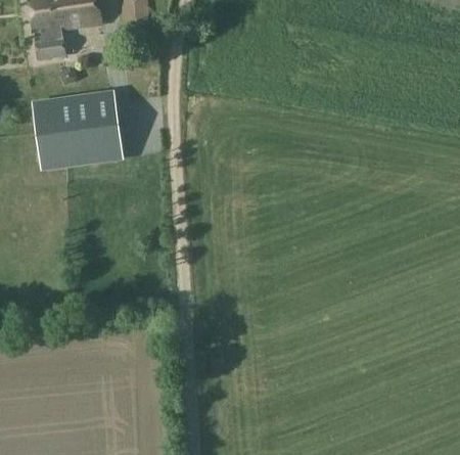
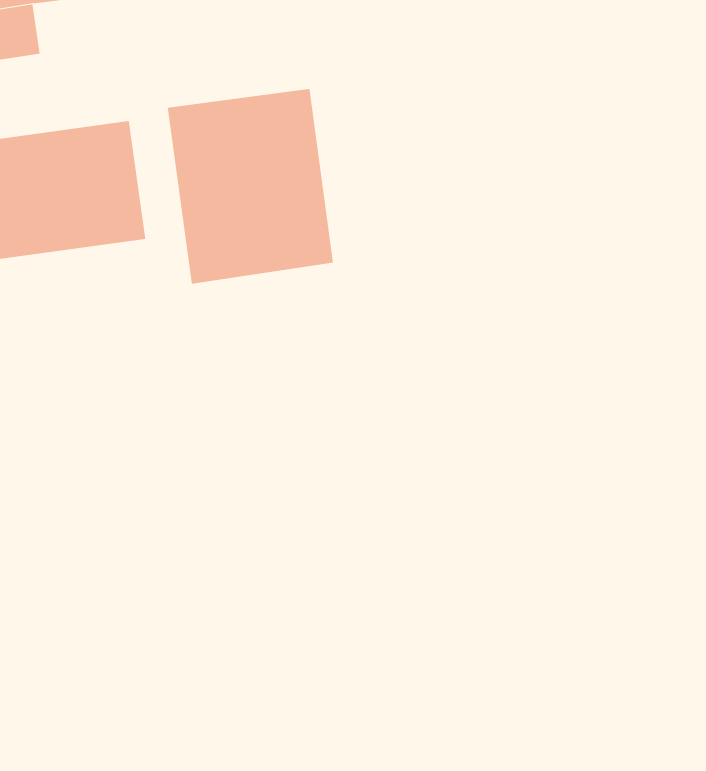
building: none -> [167,88,333,284]

